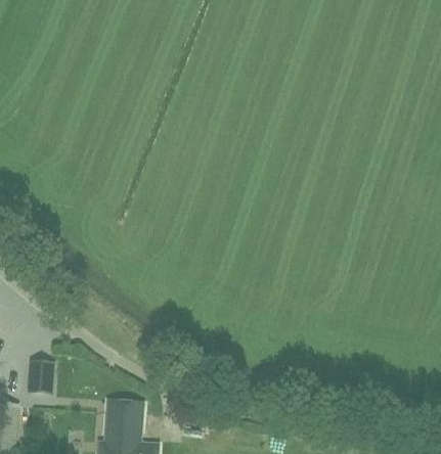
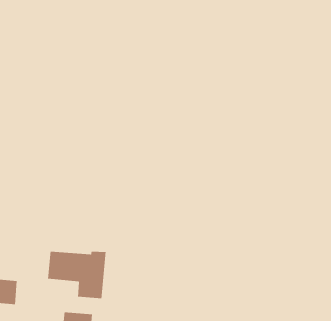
building: none -> [48,251,106,299]

